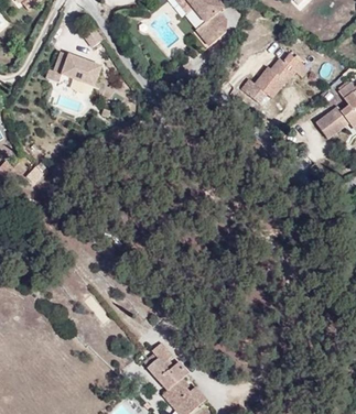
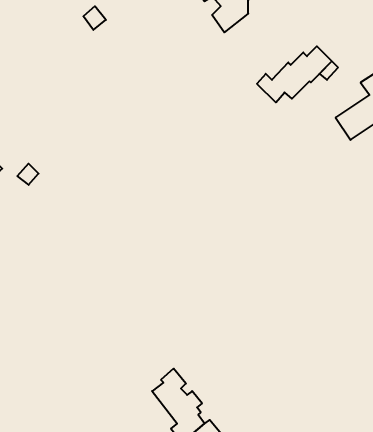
building: [43,46,100,83] -> none

